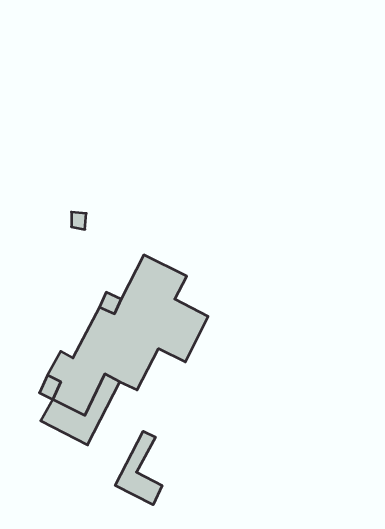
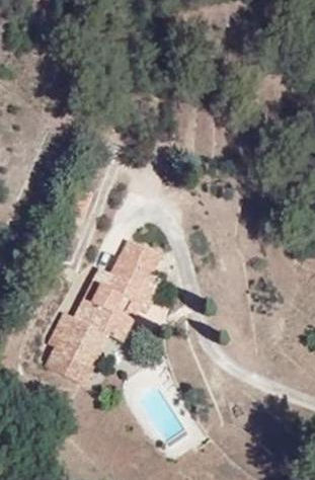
building: [115,431,162,505] -> none

